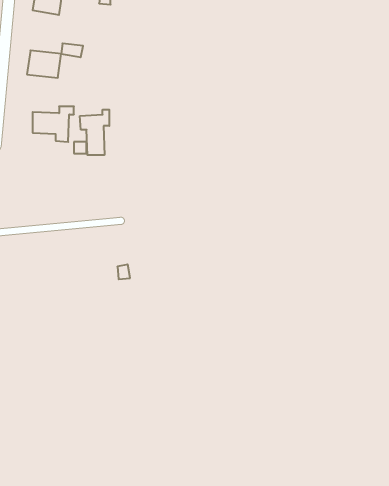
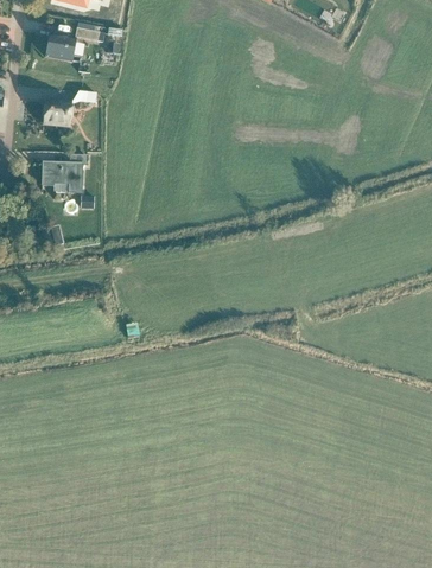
building: [80,110,109,155] -> none

